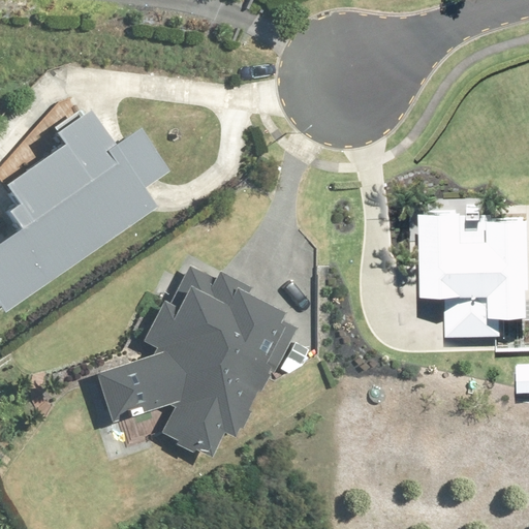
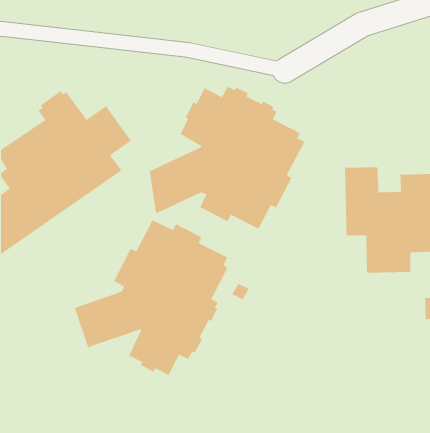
building: none -> [149,86,305,230]

